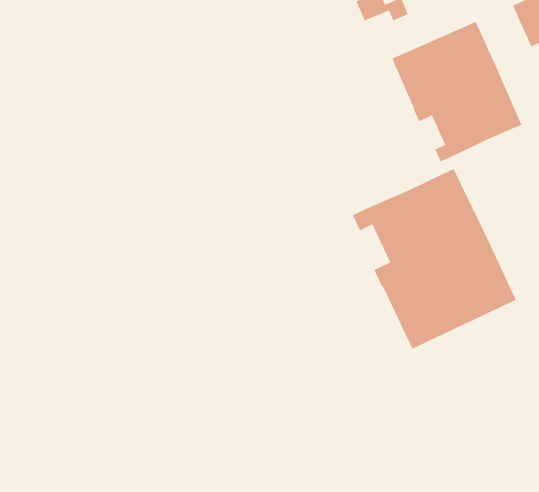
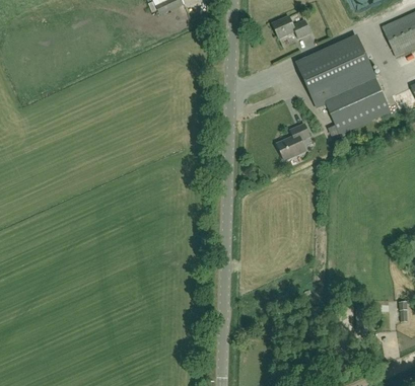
building: none -> [277,123,309,159]
building: [352,168,516,350] -> none

